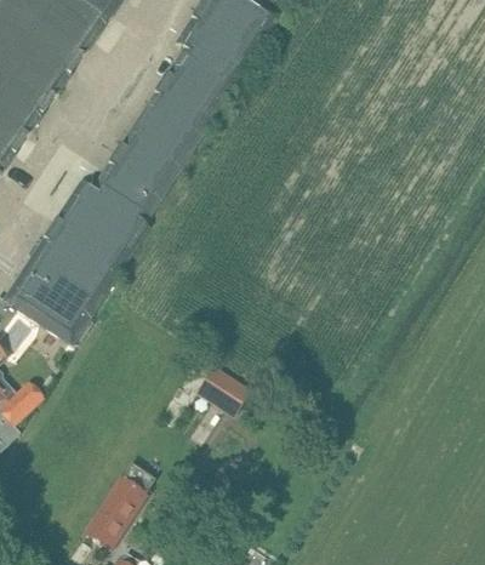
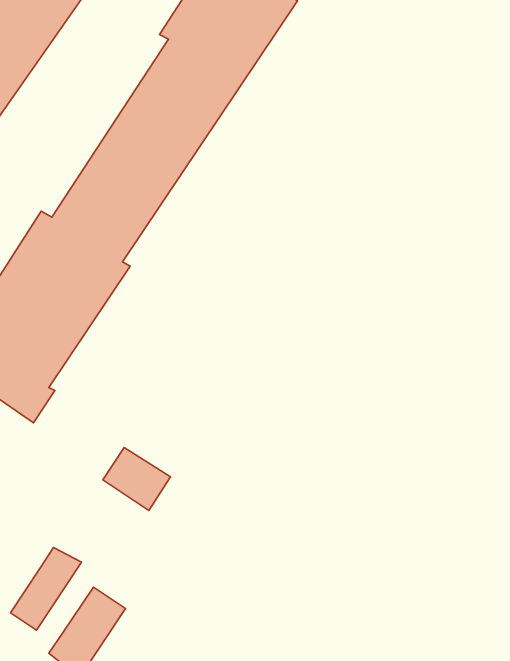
building: [195,367,249,417] -> [103,448,170,510]
building: none -> [10,548,82,630]

